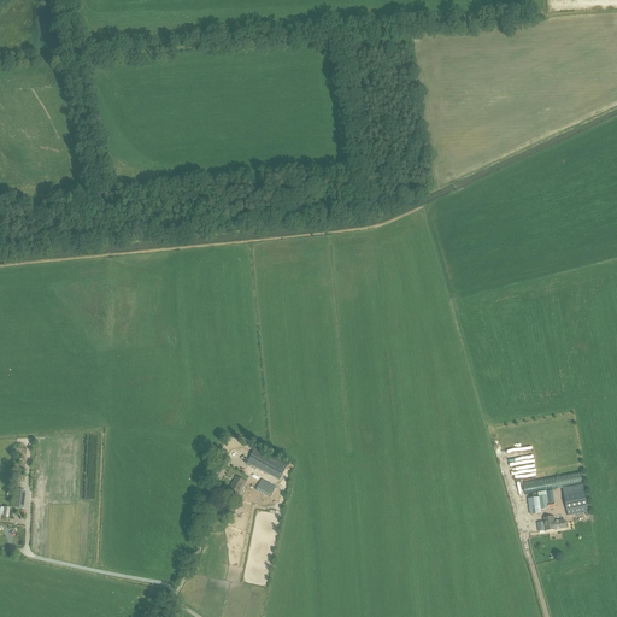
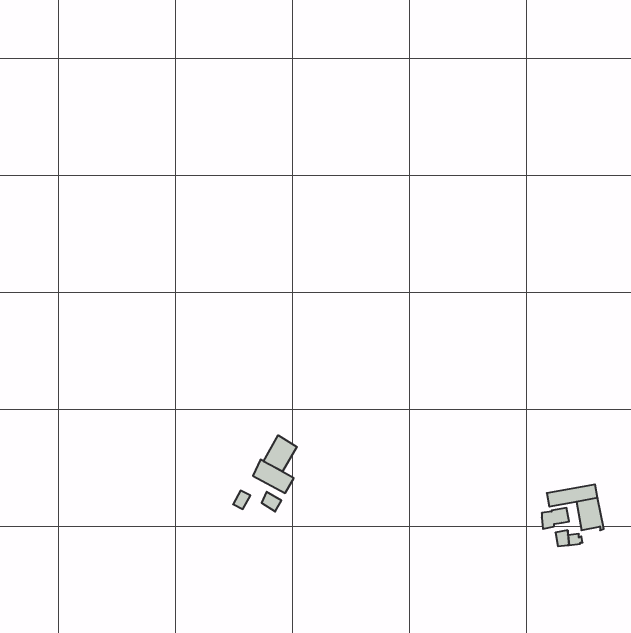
building: none -> [264,435,297,472]

